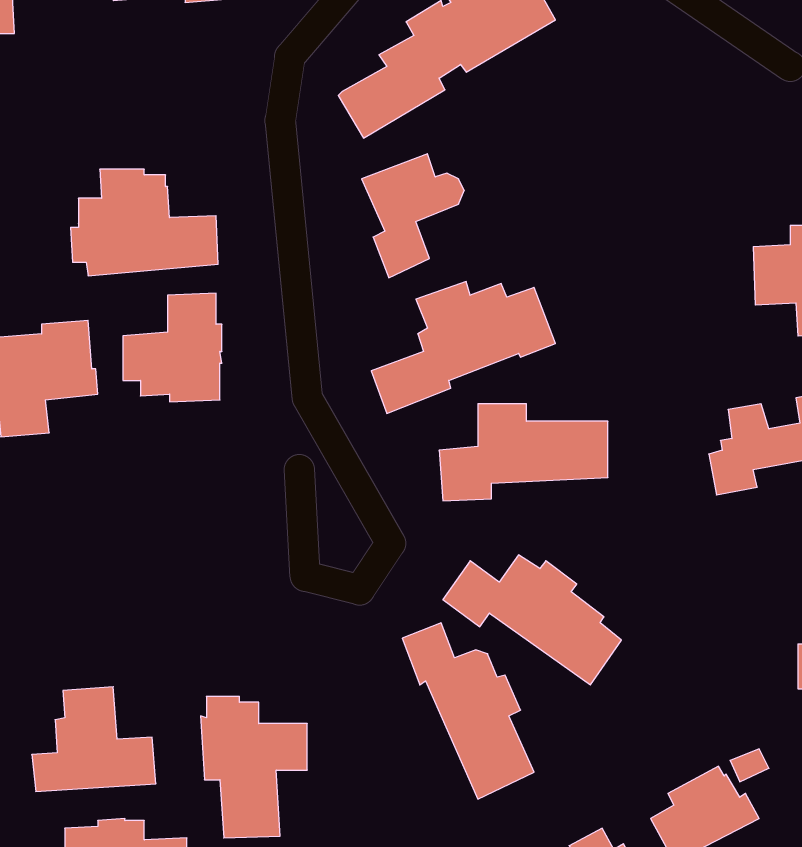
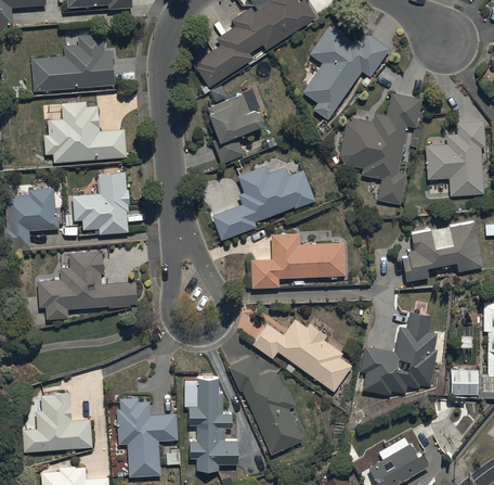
building: none -> [302,26,390,120]
building: none -> [31,34,116,92]
building: none -> [339,93,421,205]
building: none -> [37,253,138,320]
building: none -> [361,311,438,395]
building: none -> [188,378,238,470]

